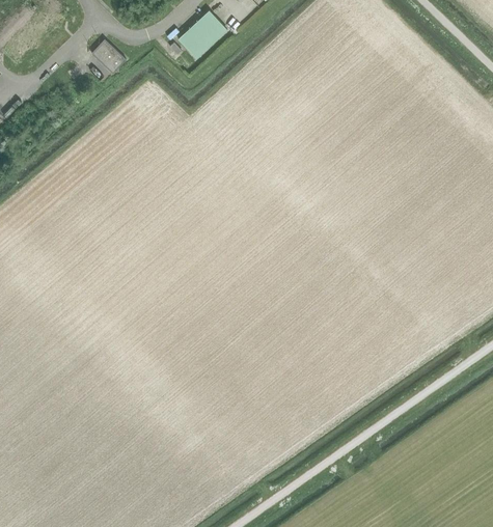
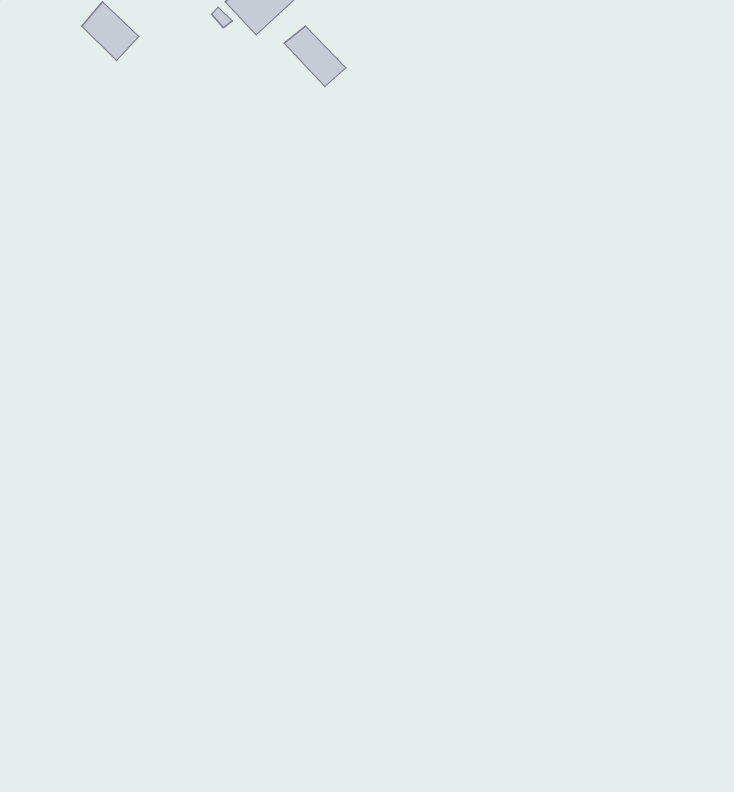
building: none -> [284,26,346,87]

